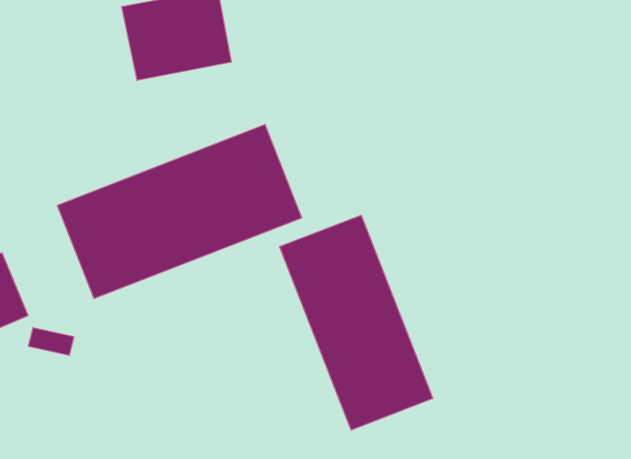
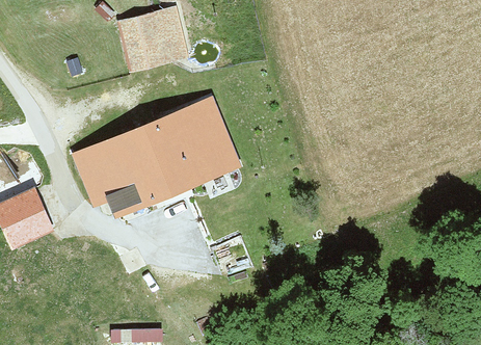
building: [280,215,433,430] -> none

